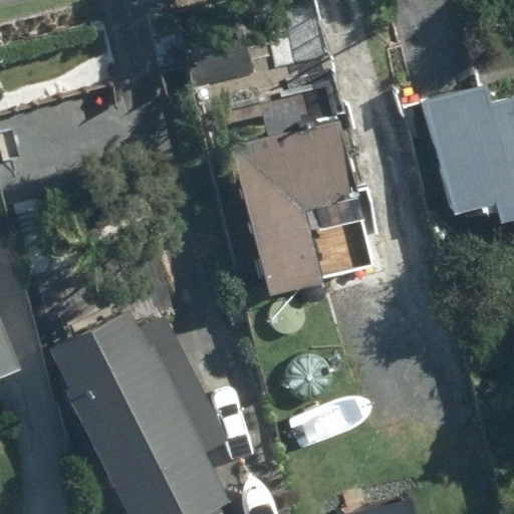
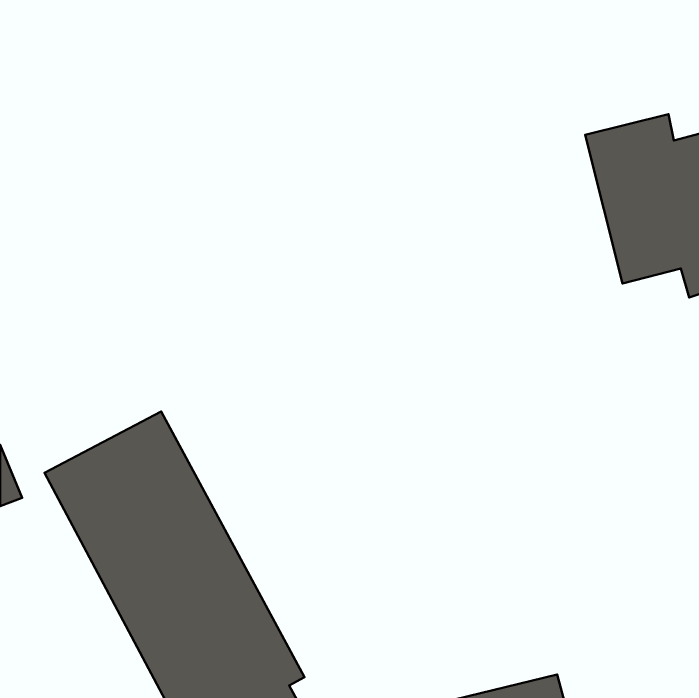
building: [236,103,363,295] -> none

